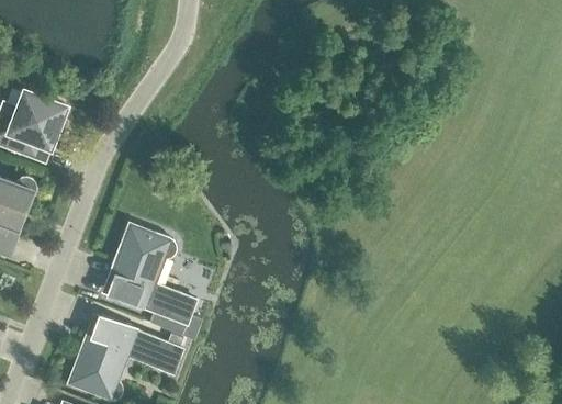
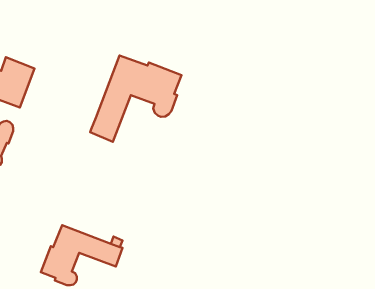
building: none -> [90,56,181,142]
building: [109,227,194,324] -> none

